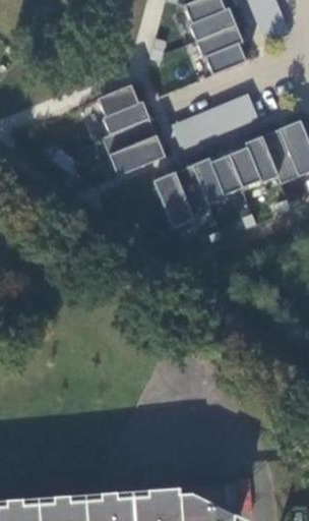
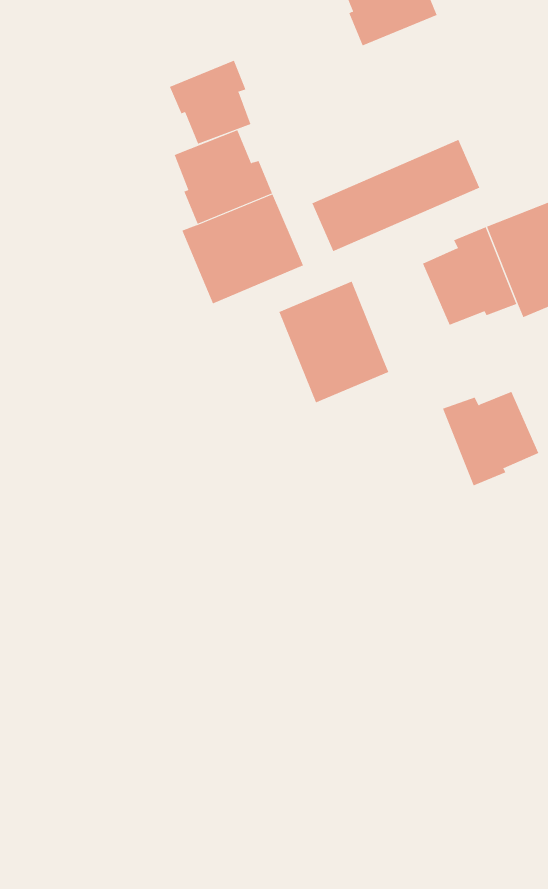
building: [196,25,246,76] -> none
building: none -> [169,60,251,144]
building: [191,156,242,206] -> [442,391,539,486]

